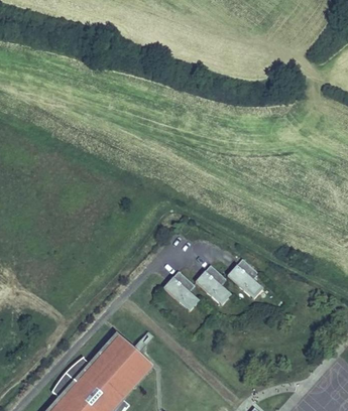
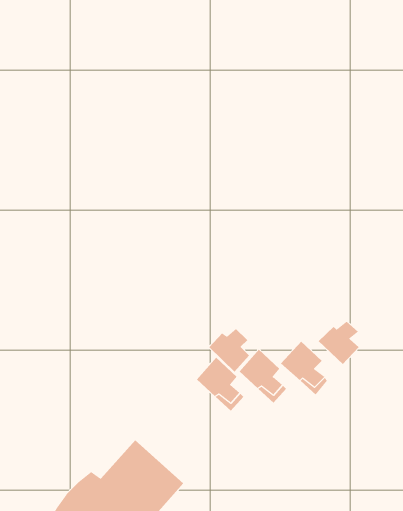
building: none -> [318,321,359,365]
building: none -> [208,328,250,372]

